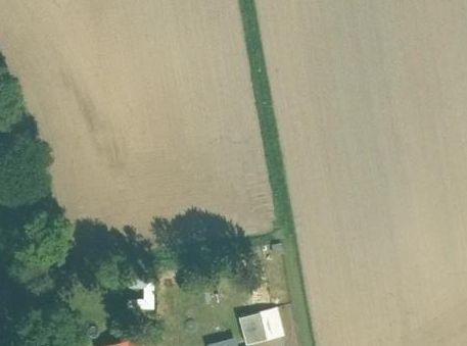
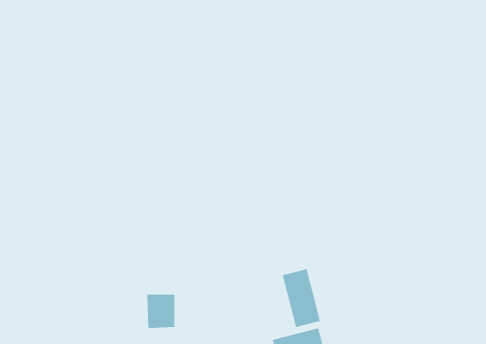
building: none -> [282,268,321,328]

